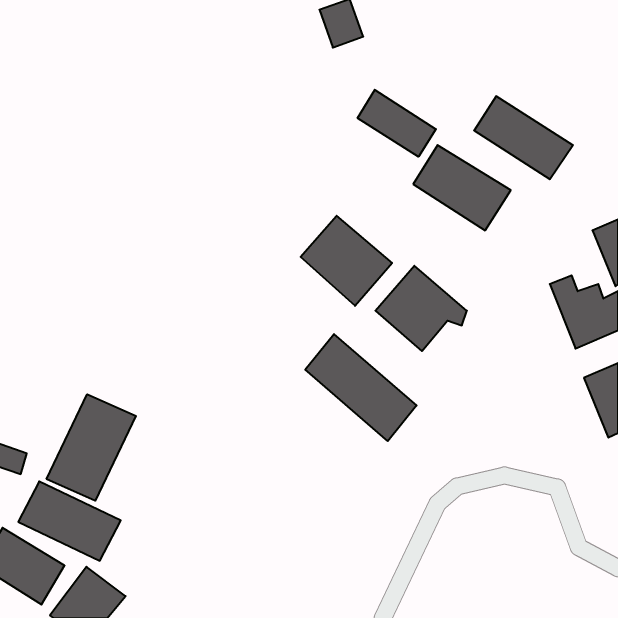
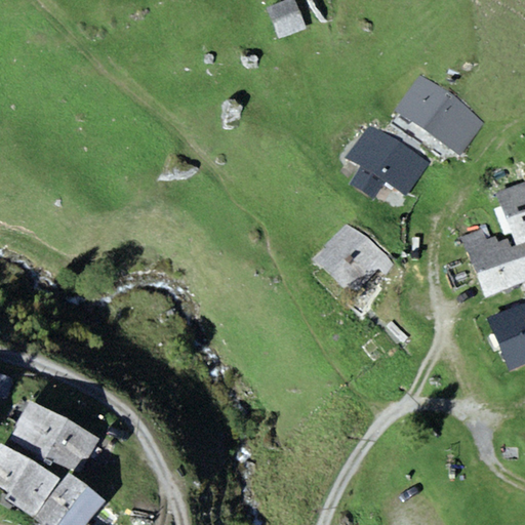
building: [358,90,436,157] -> none
building: [301,216,392,306] -> none
building: [305,334,417,441] -> none
building: [47,394,136,501] -> none

